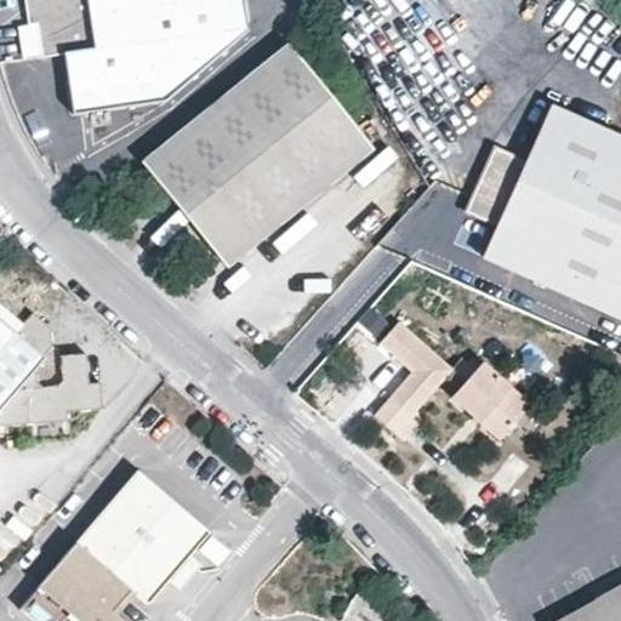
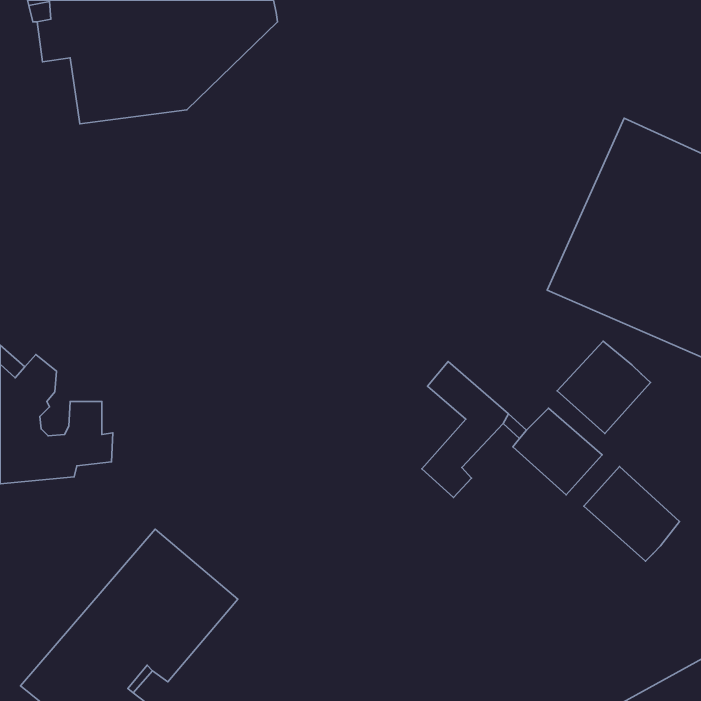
building: [143,42,372,262] -> none
building: none -> [557,341,651,434]
building: none -> [584,466,680,561]

